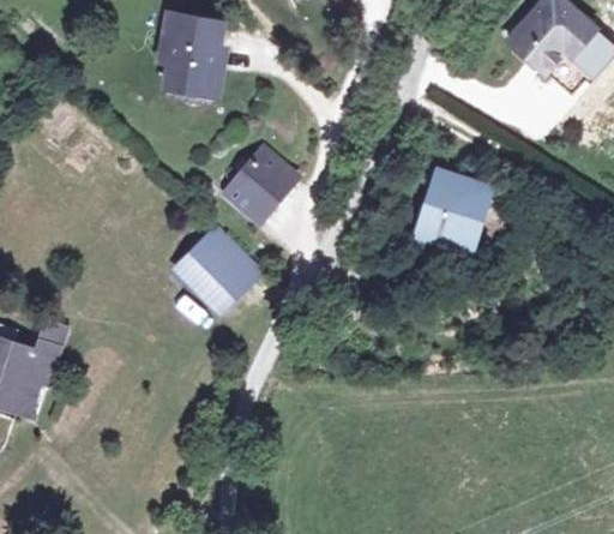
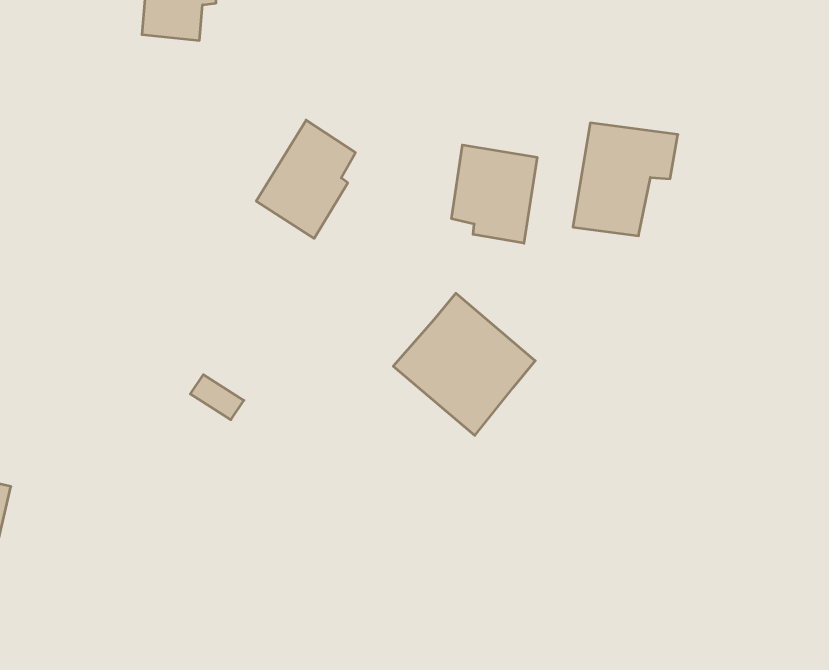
building: none -> [452,145,537,243]
building: [173,226,260,314] -> [393,293,535,435]

